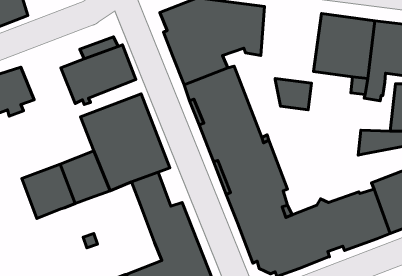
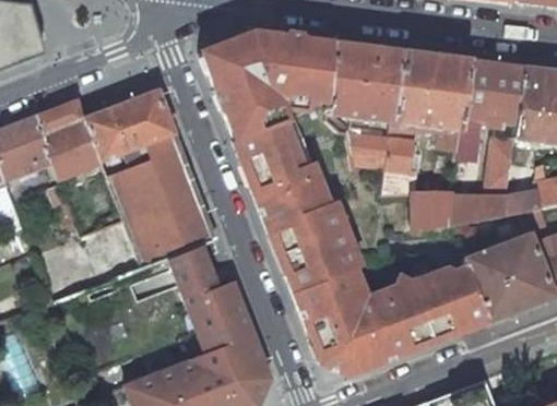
building: none -> [328,43,403,122]
building: none -> [35,100,102,178]
building: none -> [383,136,451,230]

